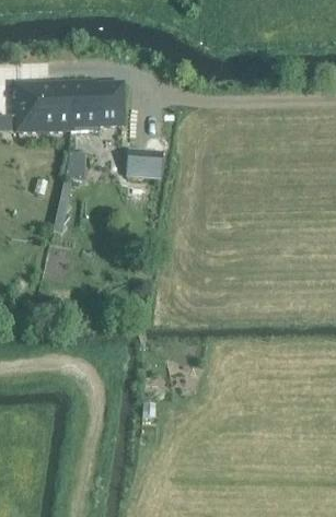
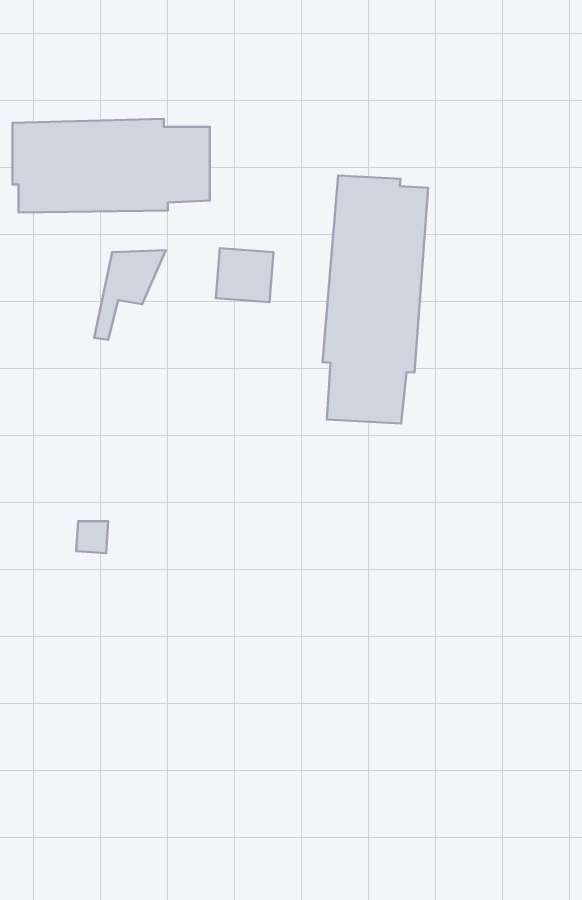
building: none -> [322,175,428,424]

